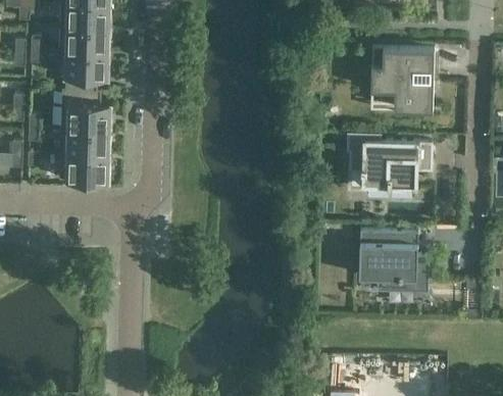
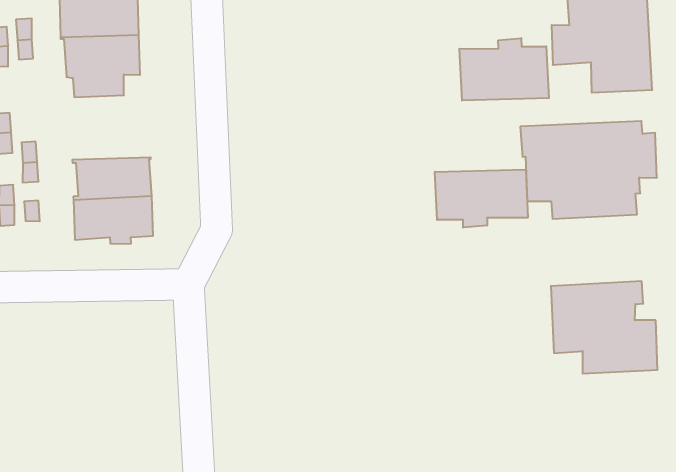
building: none -> [459,38,549,101]
building: [60,91,110,133] -> none
building: none -> [435,170,528,228]

